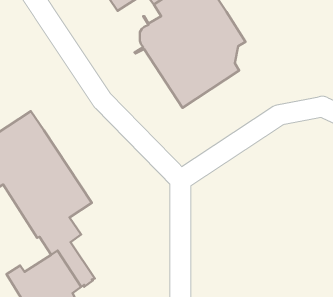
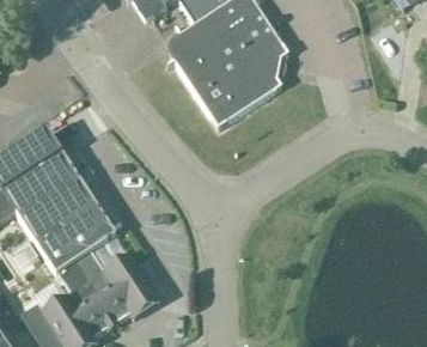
building: none -> [92,252,159,317]

